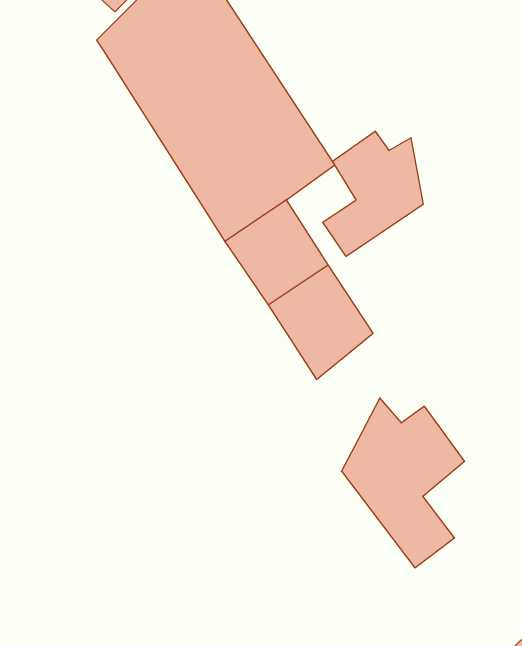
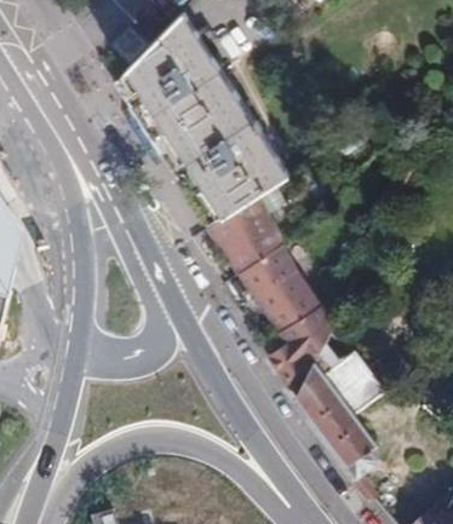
building: [323,131,423,256] -> none
building: none -> [266,292,332,380]

